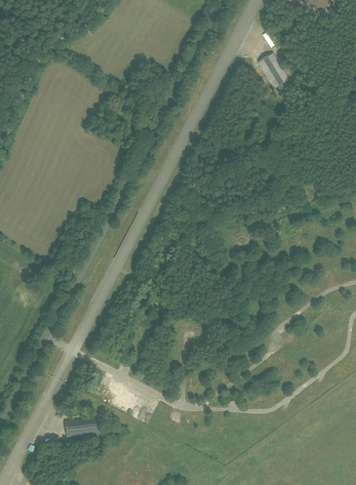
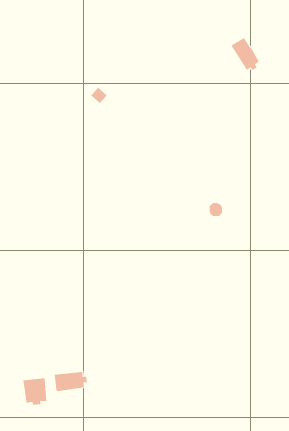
building: none -> [23,377,47,406]

